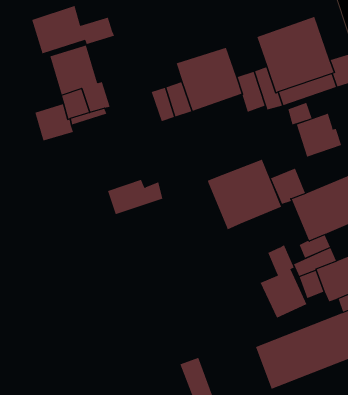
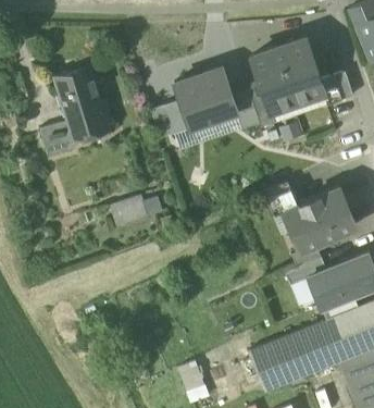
building: [31,5,115,54] -> none
building: [296,113,342,157] -> none
building: [208,159,282,230] -> none
building: [260,244,307,318] -> none

